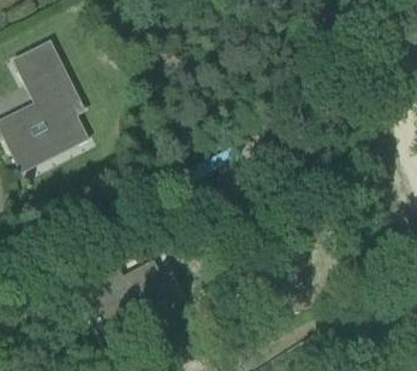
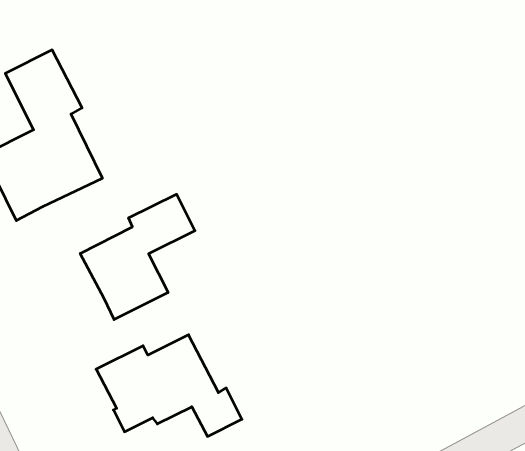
building: none -> [80,194,195,320]

